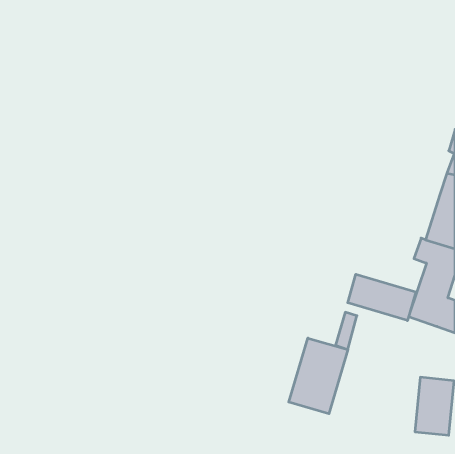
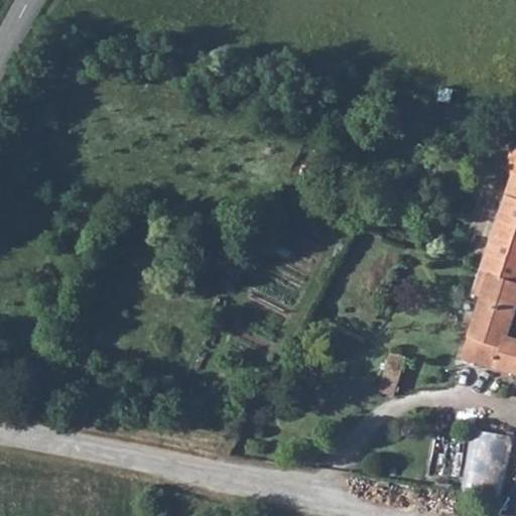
building: [348,274,416,321] -> none
building: [289,338,348,414] -> none

